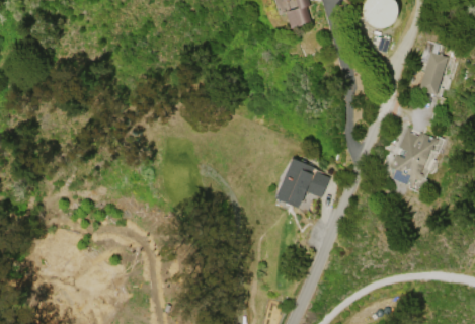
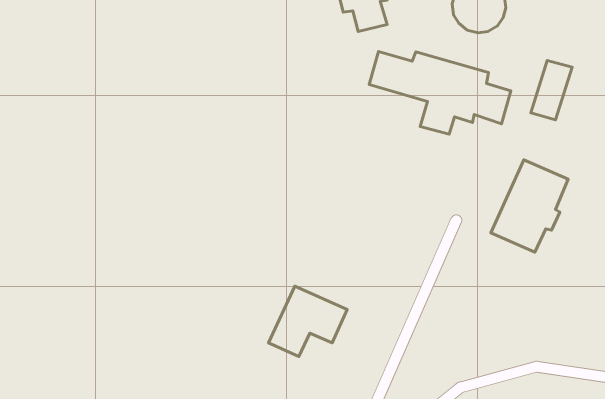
building: none -> [369,52,511,134]
building: [272,157,330,209] -> [269,286,347,357]

